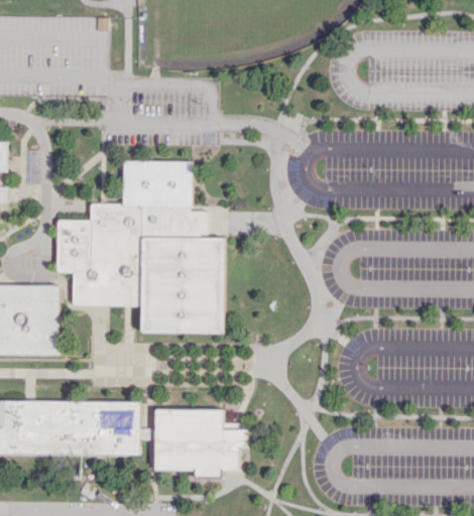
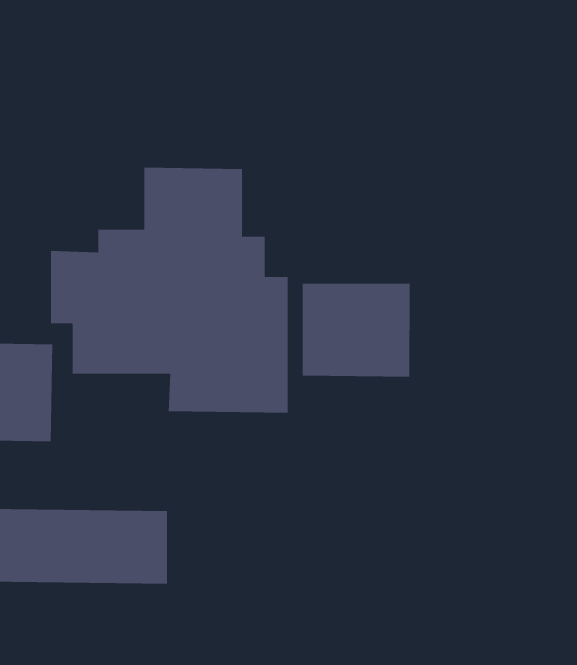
building: none -> [302,283,410,378]
building: [154,409,247,477] -> none

